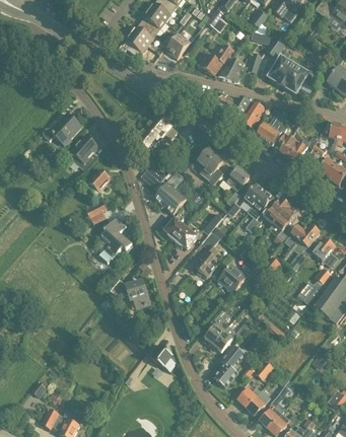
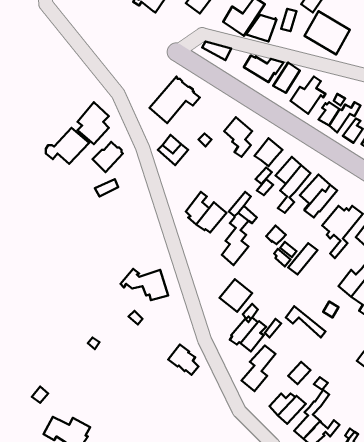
building: [44,114,81,145] -> [46,128,89,164]
building: [154,171,187,215] -> none
building: [99,216,132,263] -> none
building: [218,264,247,292] -> [220,279,252,312]

